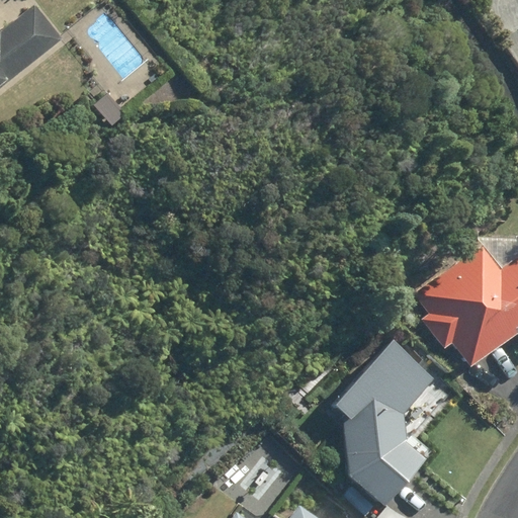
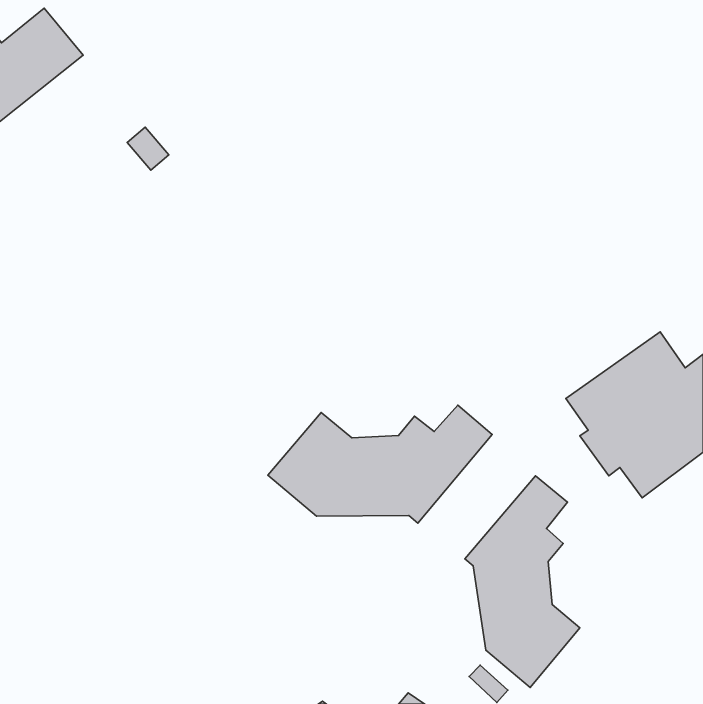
building: none -> [268,405,492,523]

